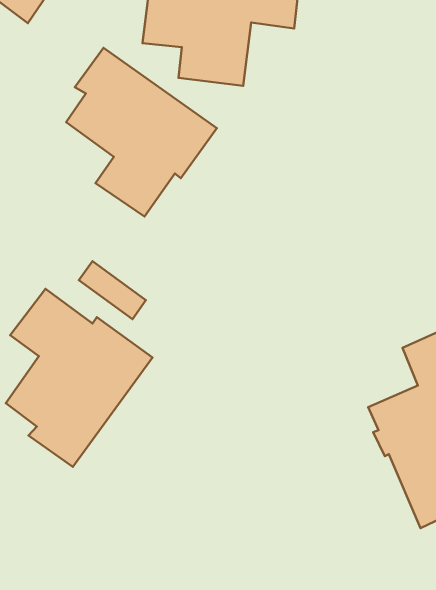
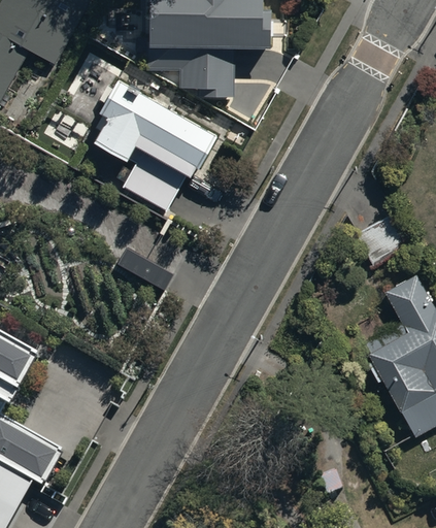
building: [6,289,153,467] -> none

